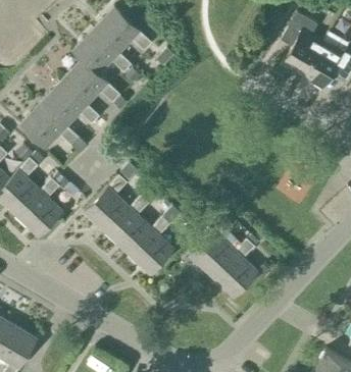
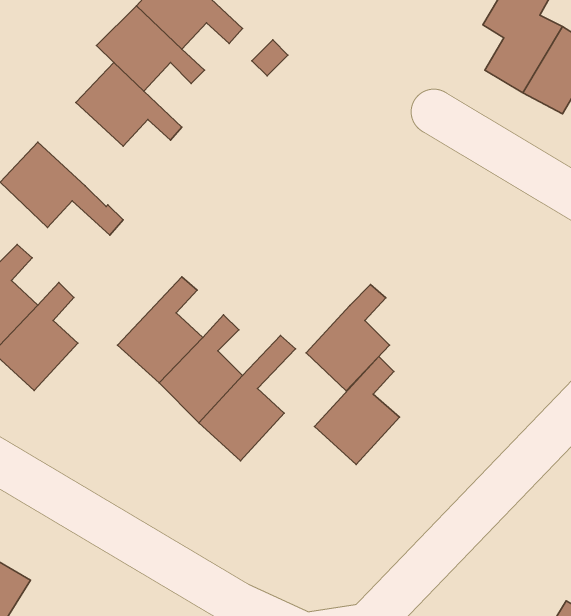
building: [41,82,106,131] -> none
building: [212,240,257,297] -> [306,285,390,391]

